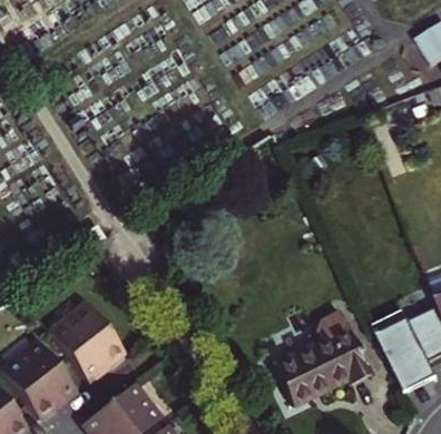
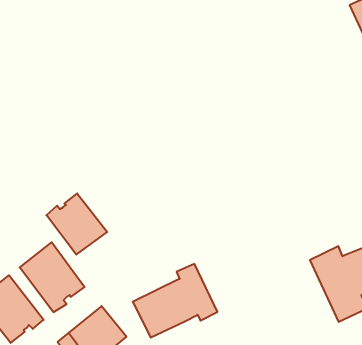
building: none -> [46,193,107,255]
building: [275,318,370,401] -> [133,264,217,338]

